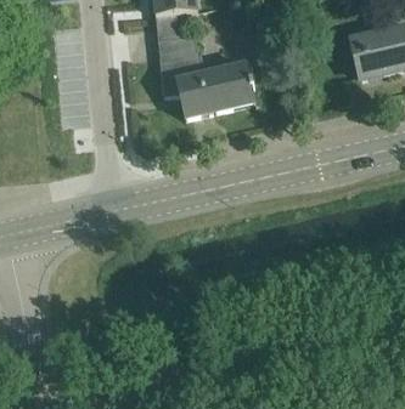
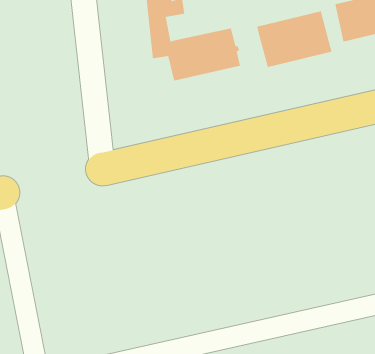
building: none -> [256,10,332,68]

